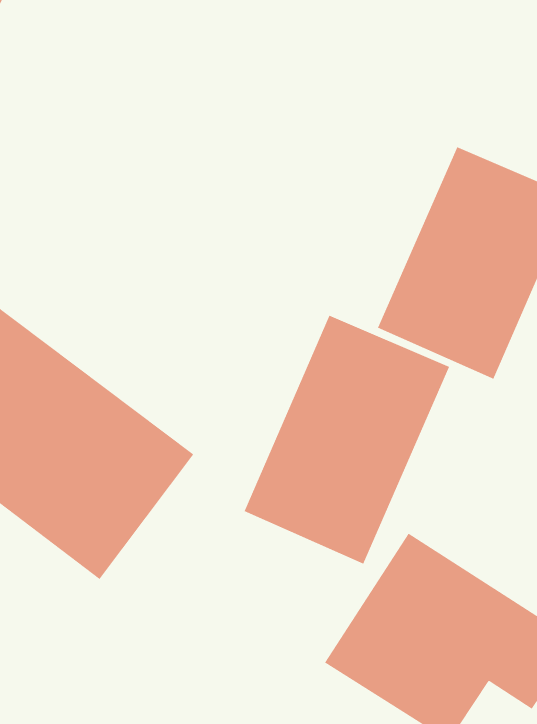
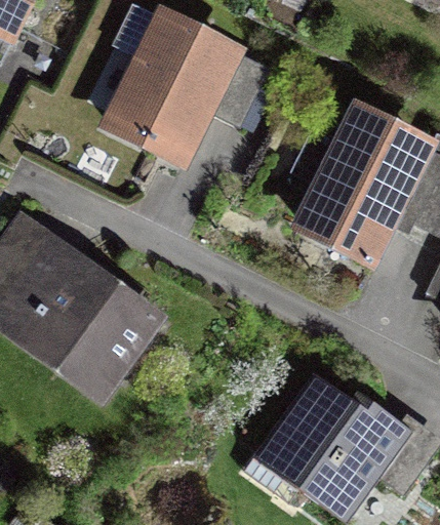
building: none -> [103,10,246,165]
building: [244,315,450,564] -> none

